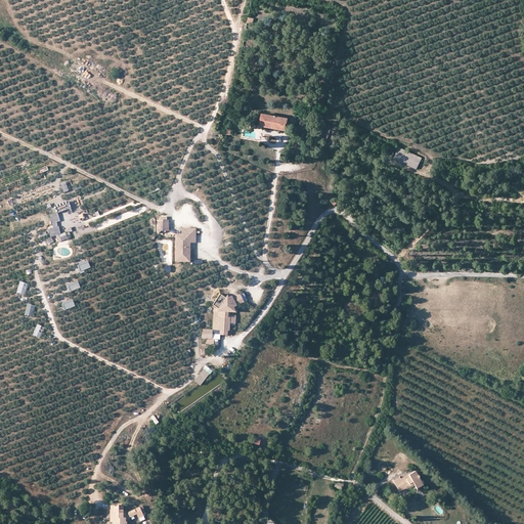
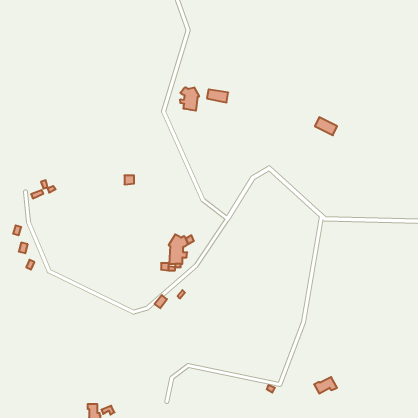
building: none -> [180,87,199,111]
building: [175,228,195,261] -> none

